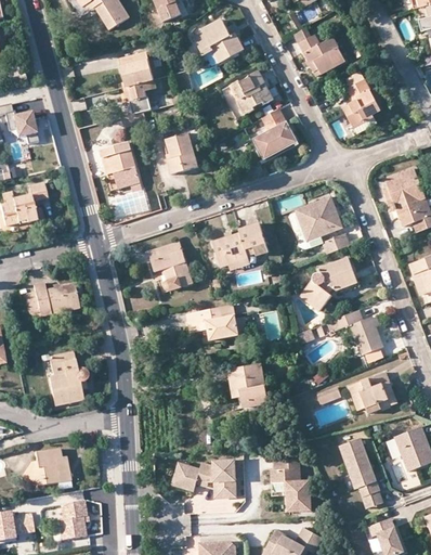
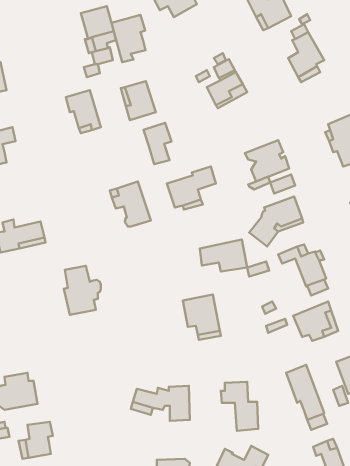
building: none -> [112,15,146,62]
building: [227,69,273,114] -> none
building: none -> [144,123,171,164]
building: [186,304,237,338] -> [200,240,247,272]
building: [48,352,88,405] -> [64,266,101,315]

